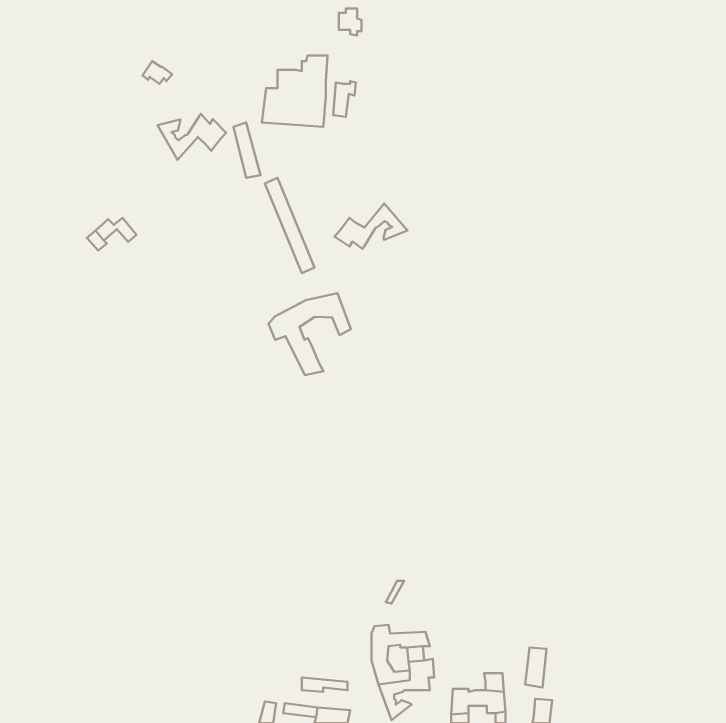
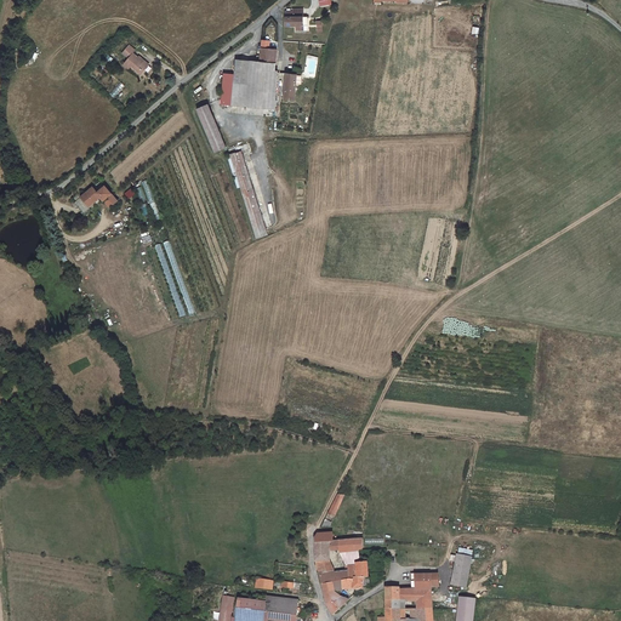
building: [157,114,226,160] -> none
building: [335,203,408,249] -> none
building: [268,293,351,375] -> none

